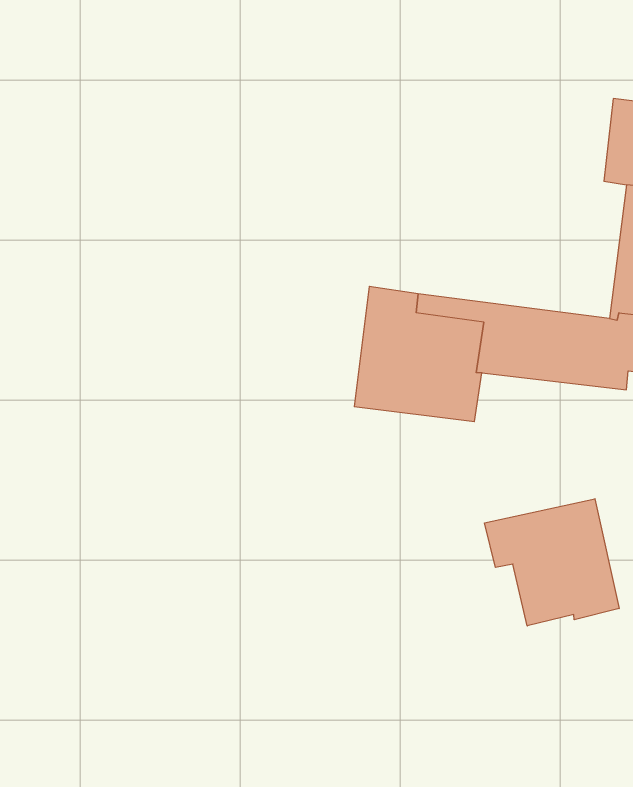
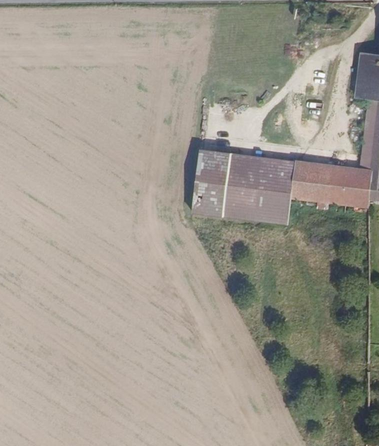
building: none -> [193,149,232,217]
building: [485,499,619,626] -> none

